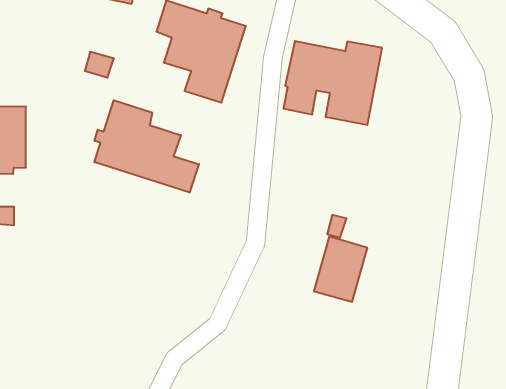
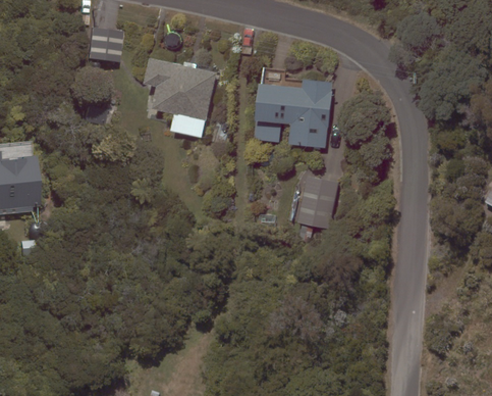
building: [94,100,199,193] -> none
building: [314,236,367,302] -> [296,176,338,229]

